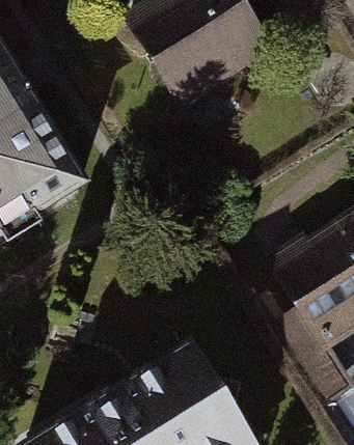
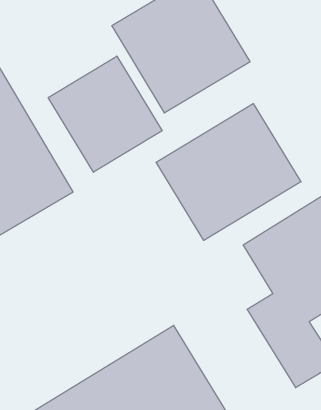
building: none -> [48,56,162,172]
building: none -> [156,104,301,240]

